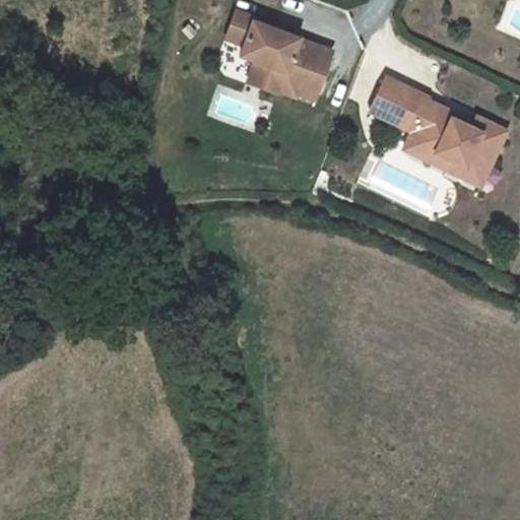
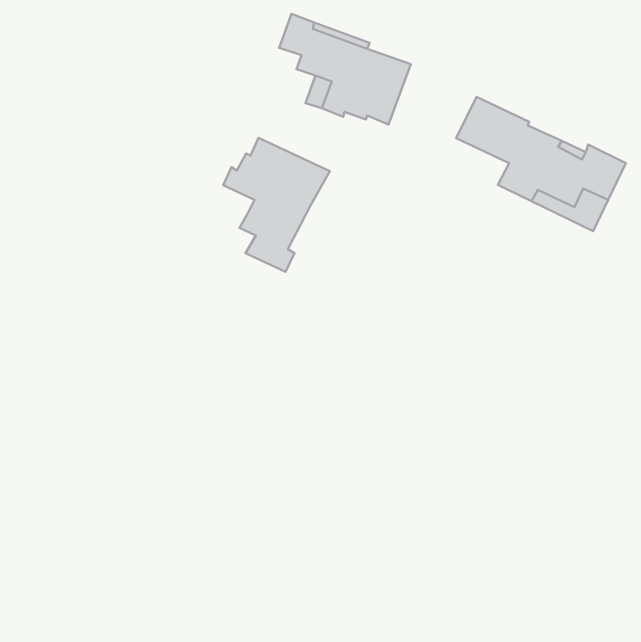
building: none -> [223,138,330,272]

